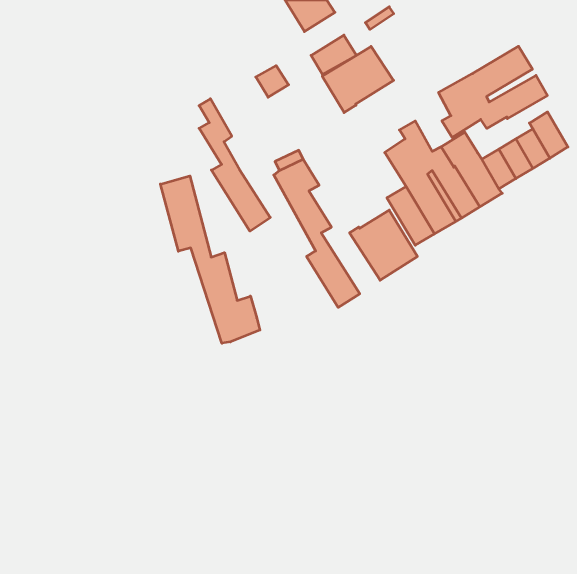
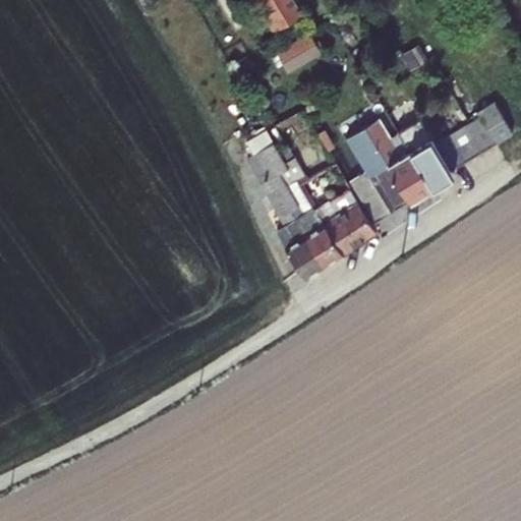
building: [439,46,547,138] -> none
building: [322,46,394,113] -> none
building: [199,99,270,231] -> [278,149,342,268]
building: [160,176,260,343] -> none

